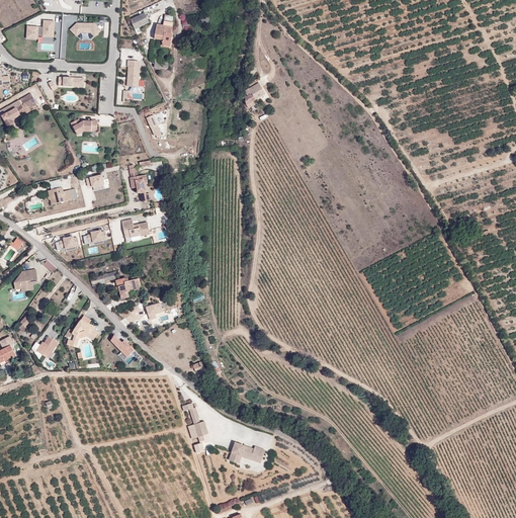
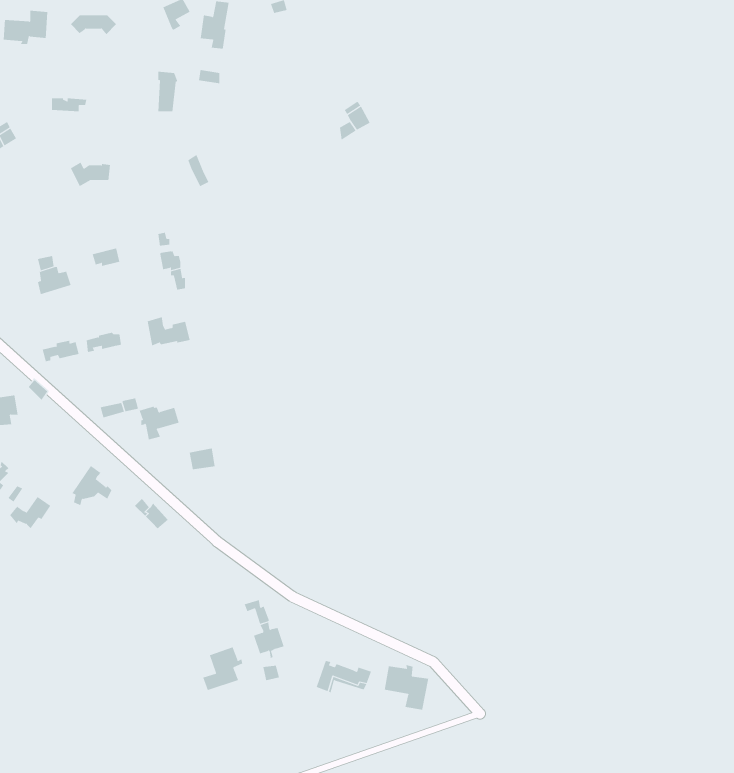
building: none -> [202,647,243,691]
building: none -> [384,664,429,710]

